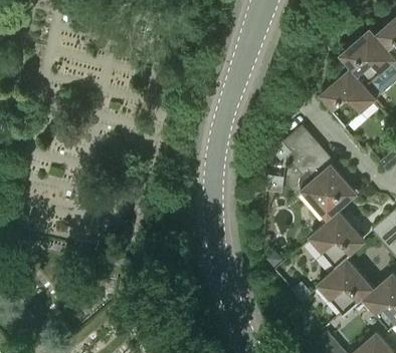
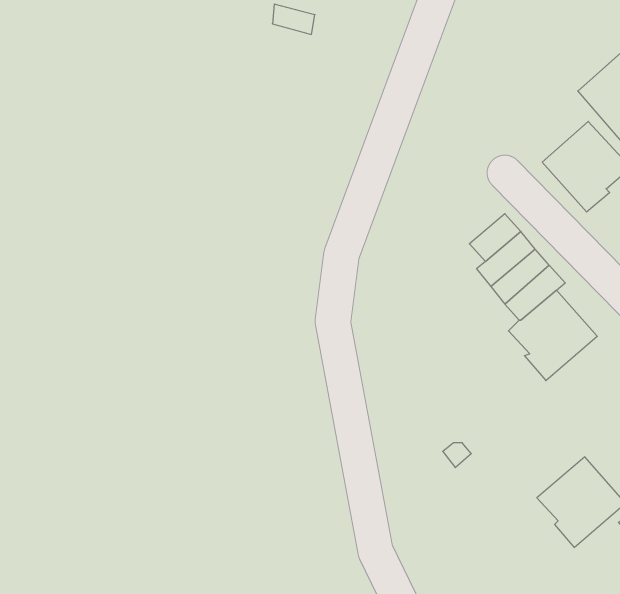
building: [313,213,363,265] -> none

